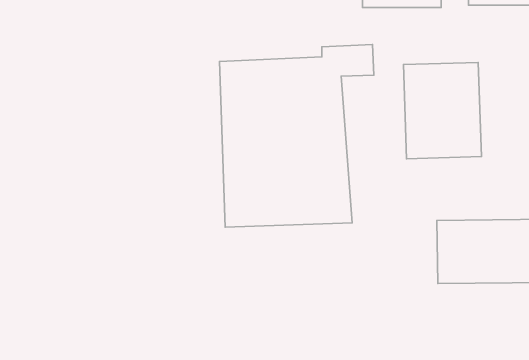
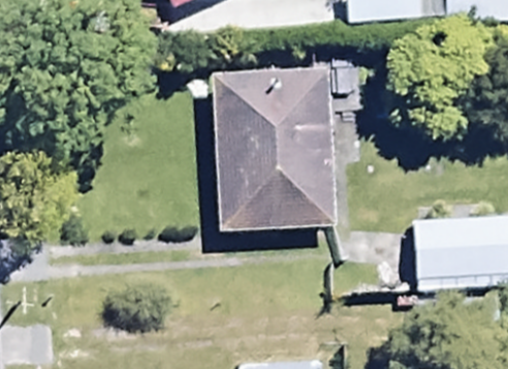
building: [403,63,481,159] -> none

